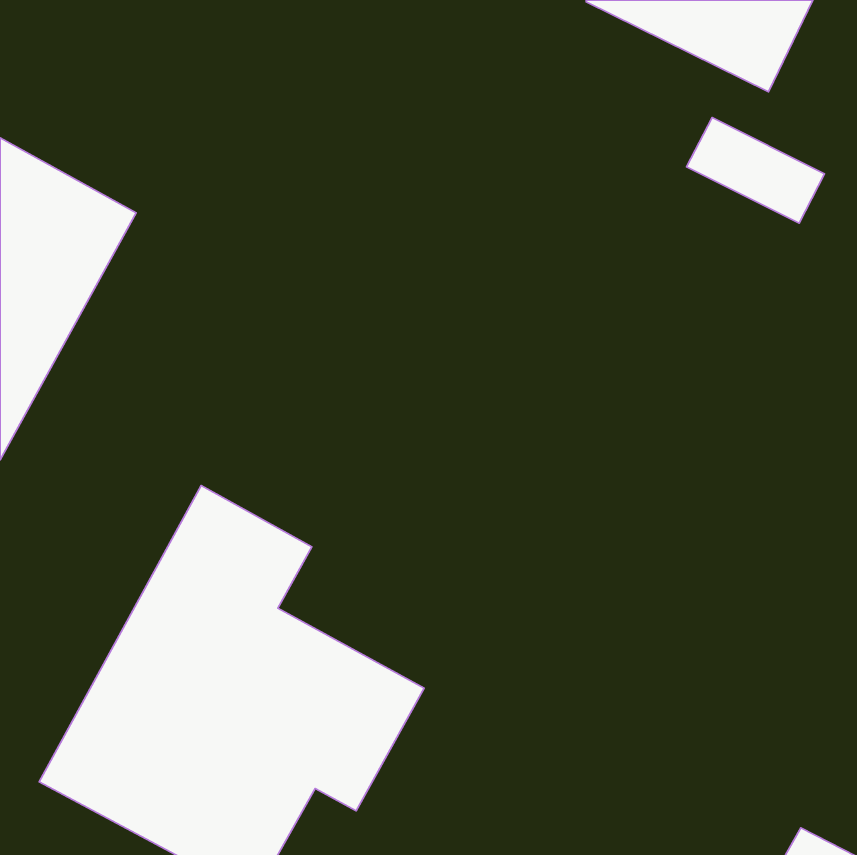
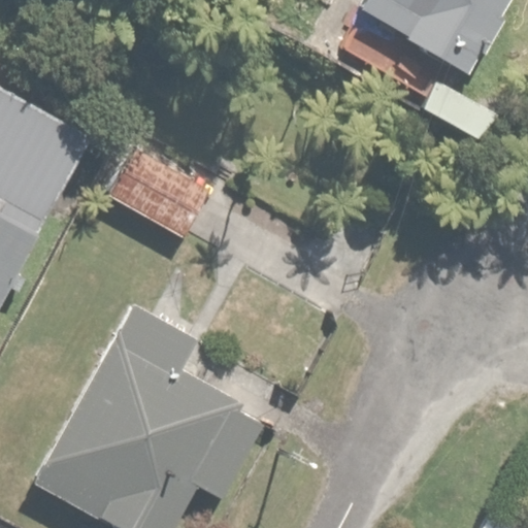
building: none -> [105,140,222,245]

